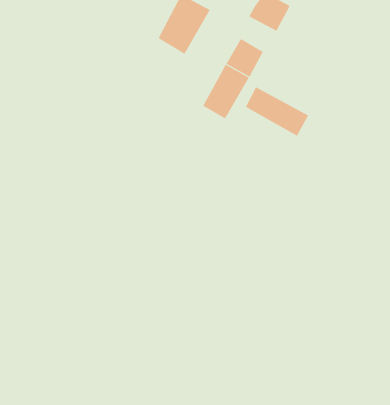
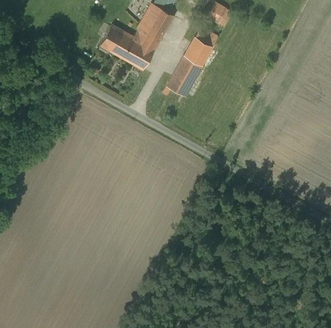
building: none -> [100,25,154,69]
building: [245,87,309,136] -> none

